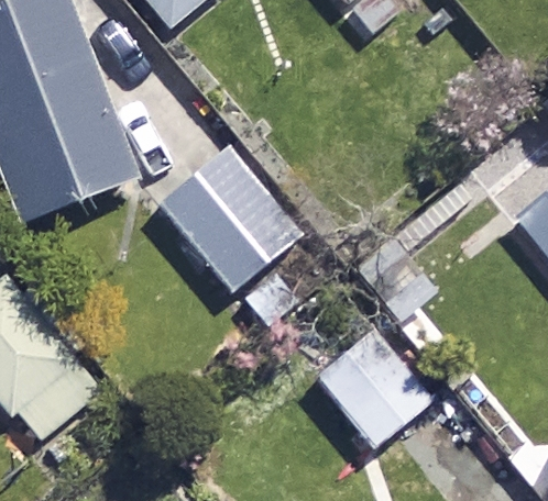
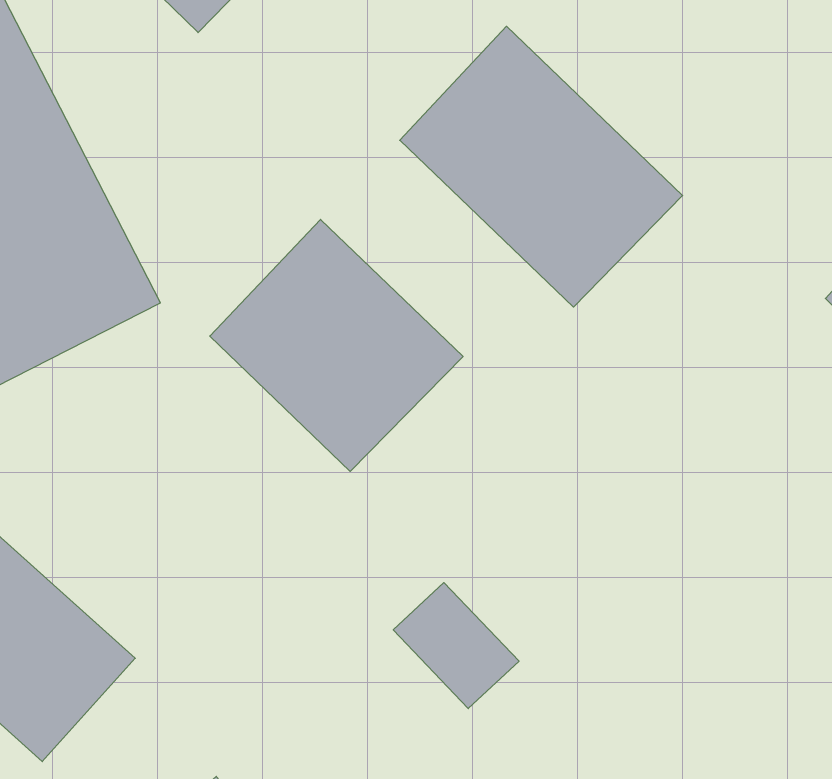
building: none -> [400,26,683,307]
building: [314,323,436,447] -> none

